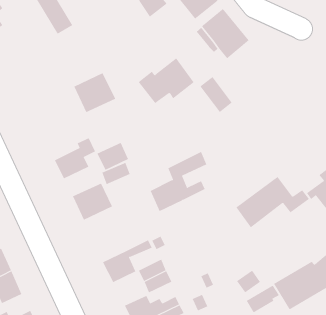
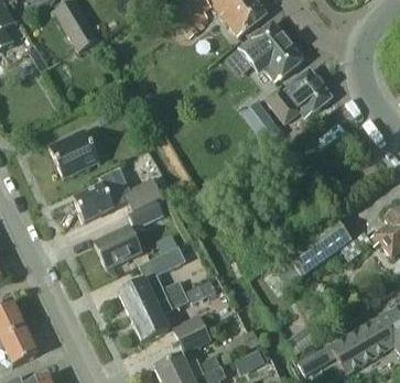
building: [138,58,195,104] -> [264,67,331,121]
building: [74,72,116,113] -> [50,129,99,176]
building: [150,151,207,212] -> [119,245,186,316]

